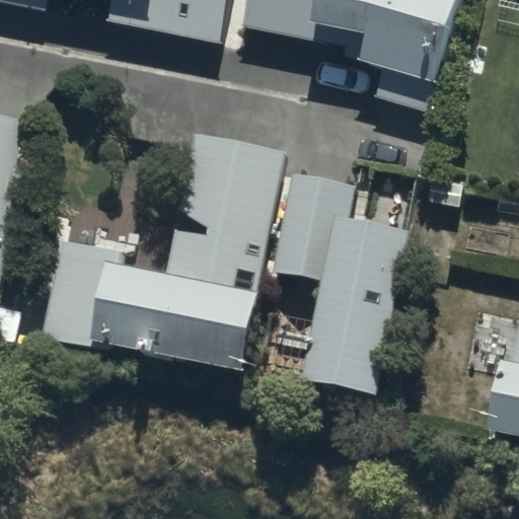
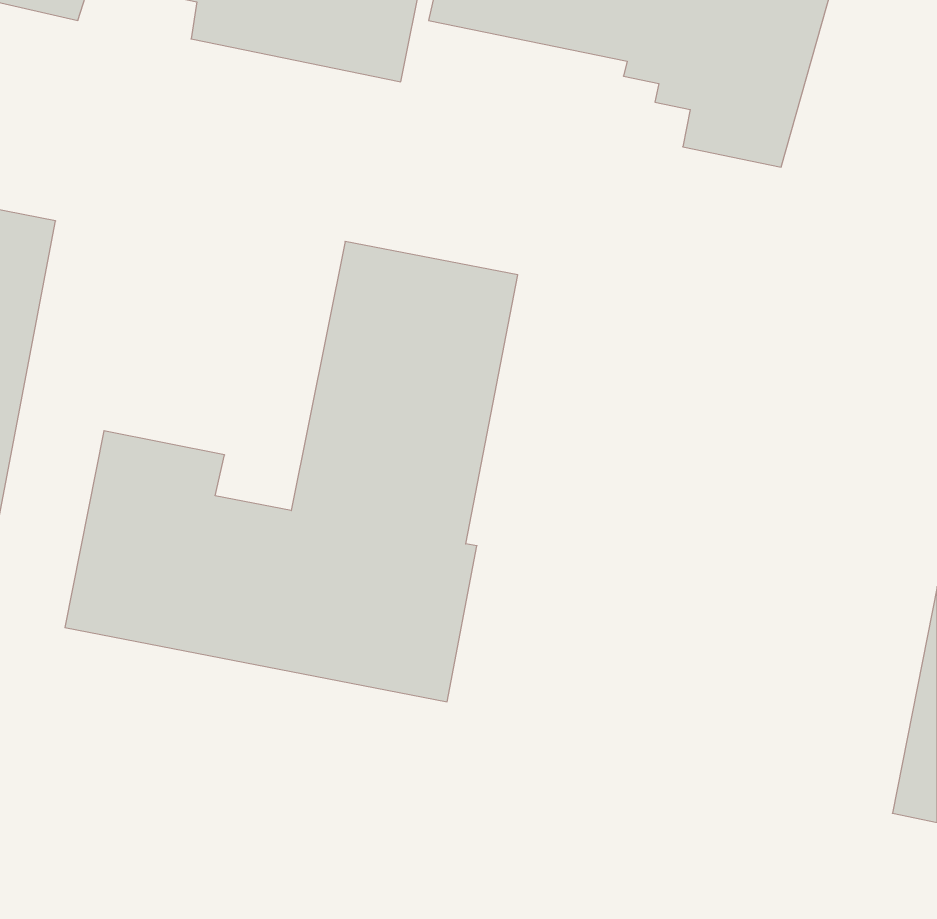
building: [271,172,413,410] -> none

